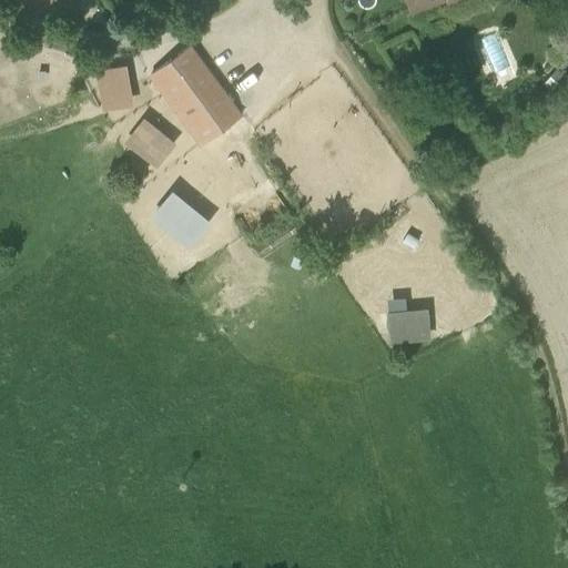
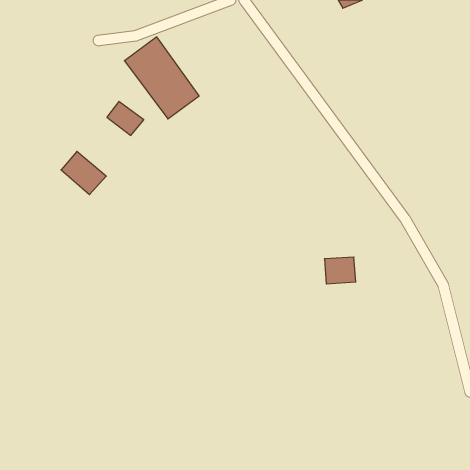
building: [101,70,131,106] -> none
building: [156,193,211,245] -> [61,151,106,195]

